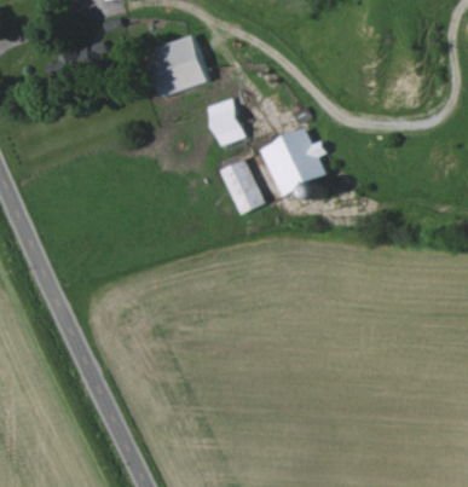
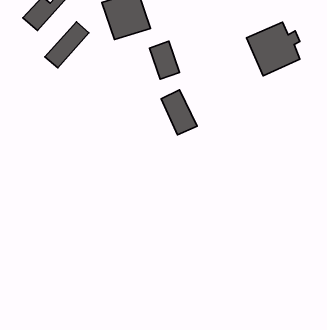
building: none -> [45,22,89,68]
building: [260,128,327,195] -> [246,22,300,76]

